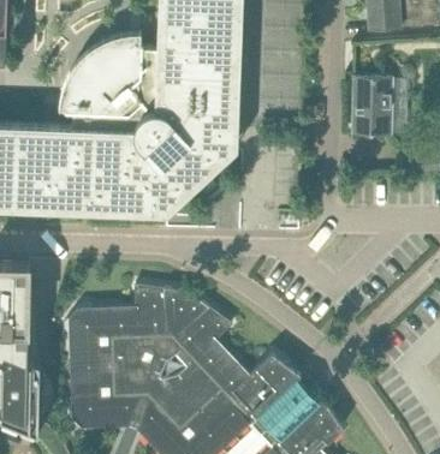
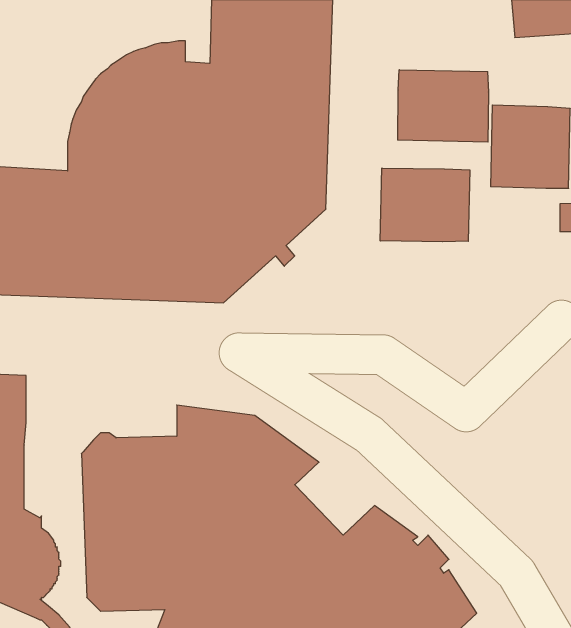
building: none -> [398,70,488,142]
building: none -> [380,168,470,242]

